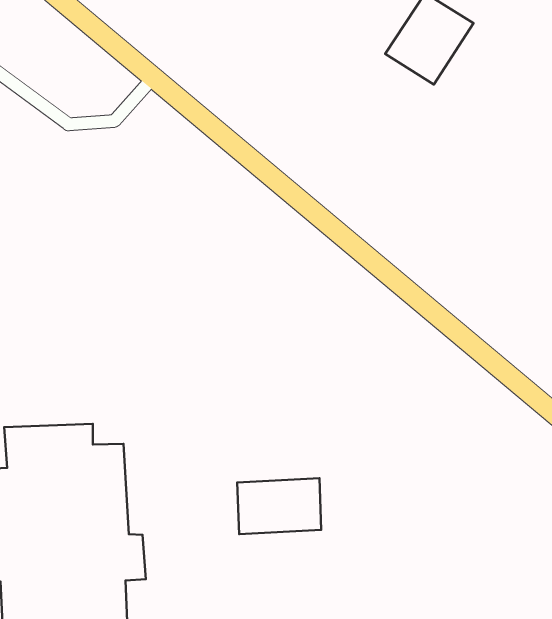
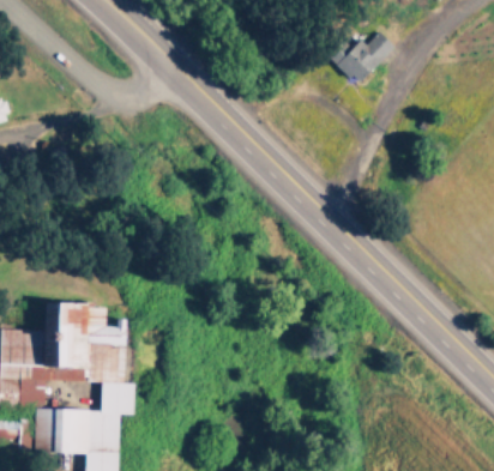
building: [237,478,321,534] -> none

